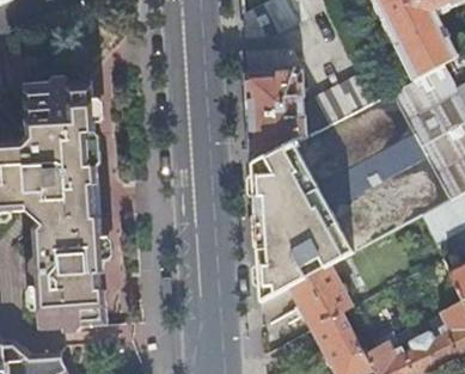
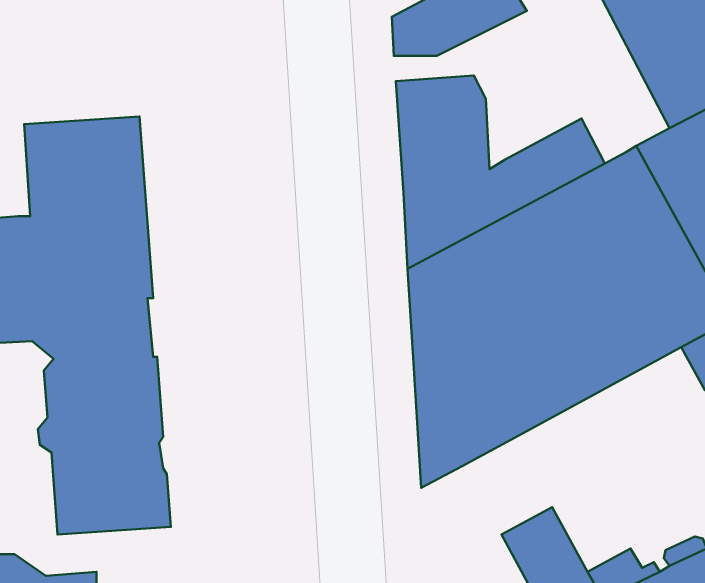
building: [287,266,351,330] -> none

